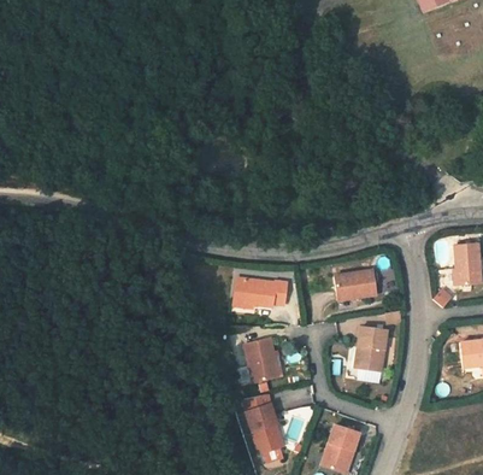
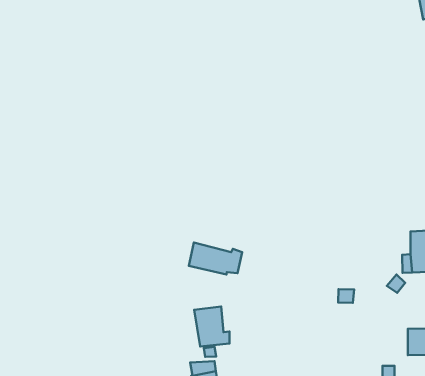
building: [335,266,377,299] -> none
building: [357,328,385,369] -> none

